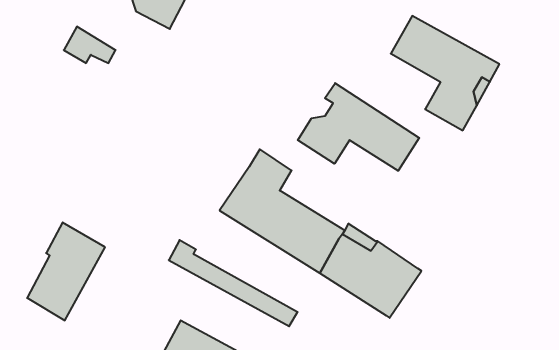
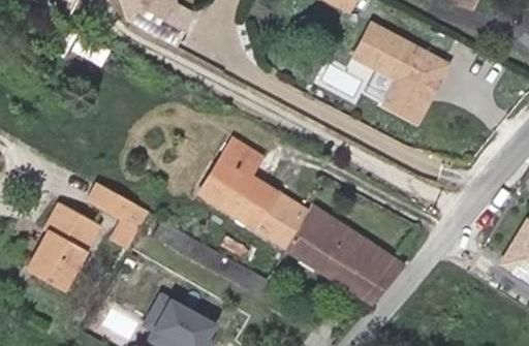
building: [298,83,419,171] -> none
building: none -> [84,180,146,245]
building: none -> [347,246,405,304]

